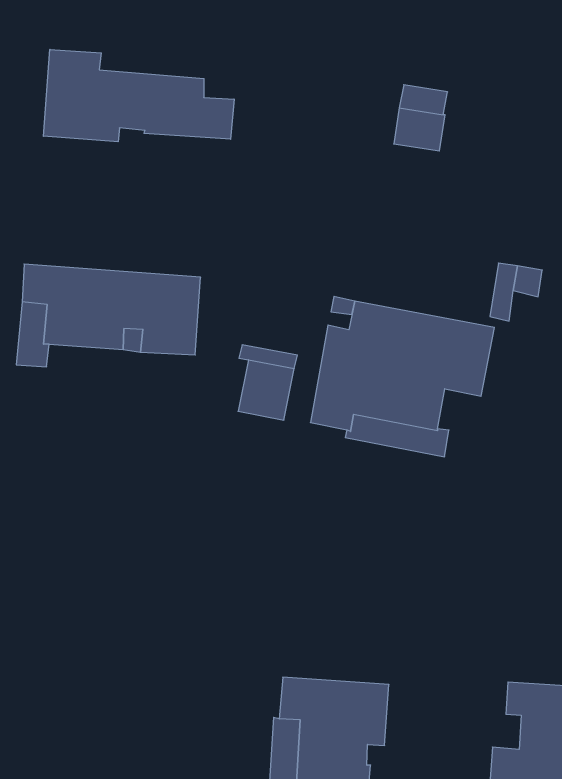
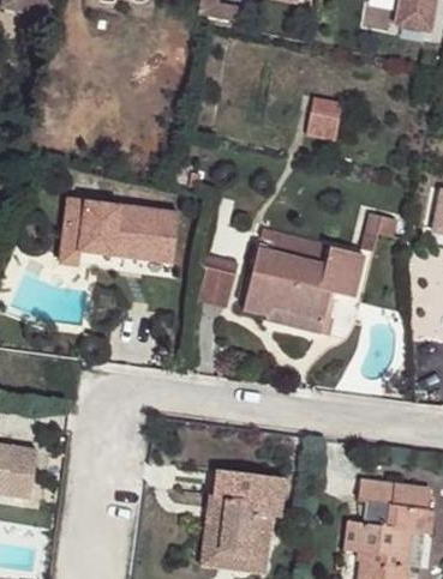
building: [43,49,234,142] -> none

